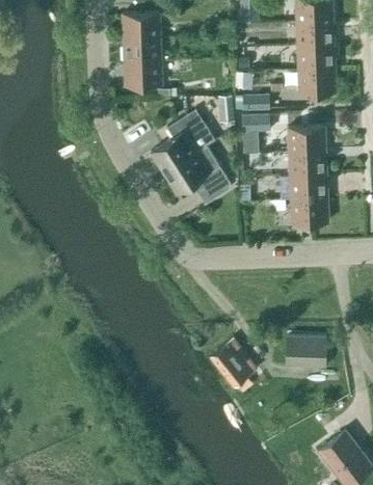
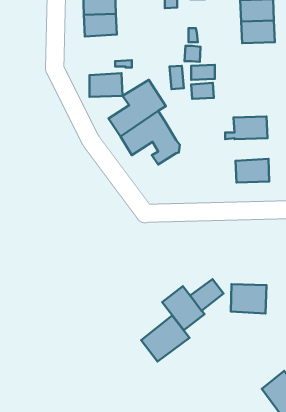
building: [125,61,161,87] -> [90,73,123,97]
building: [298,70,336,95] -> none
building: [288,128,325,153] -> none
building: [290,176,327,200] -> none
building: none -> [190,279,224,311]
building: none -> [141,315,189,362]

